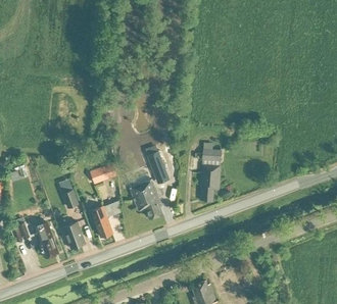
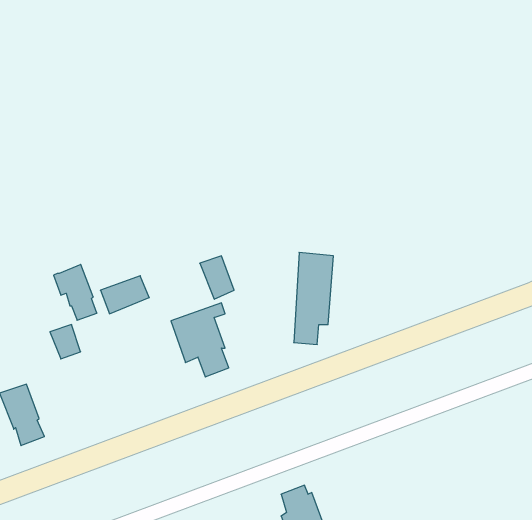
building: [88,204,112,236] -> [54,264,97,320]
building: [62,221,86,248] -> none

